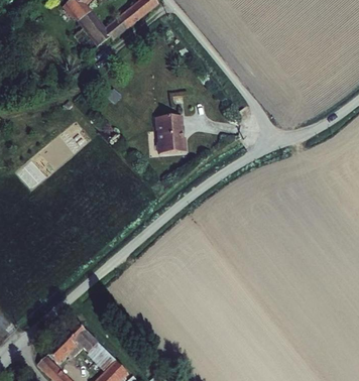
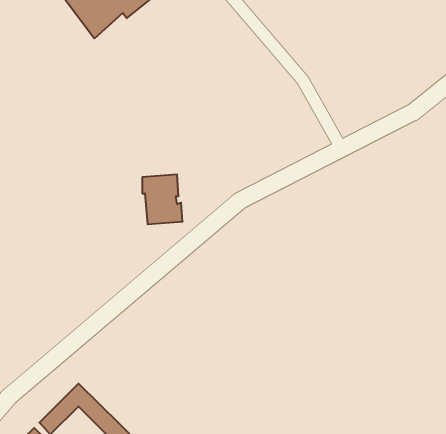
building: [155,115,186,152] -> [142,175,183,224]

